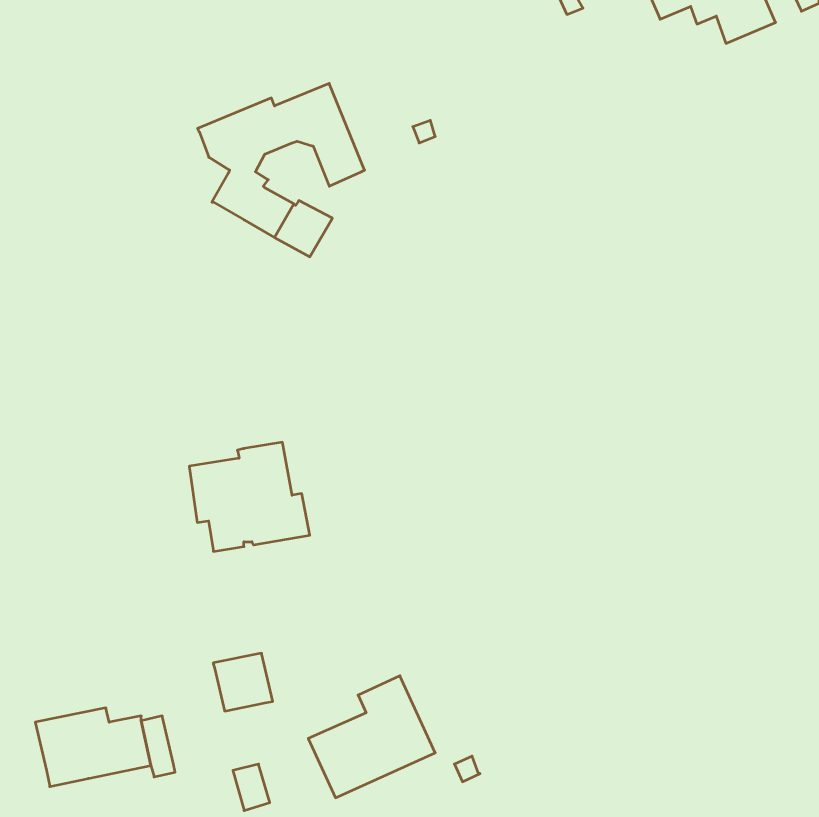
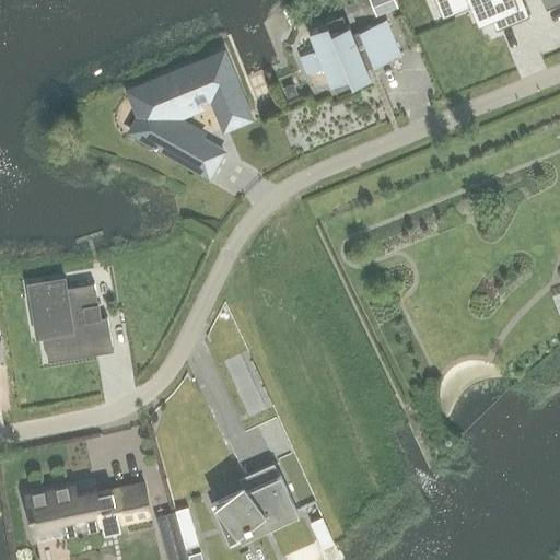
building: none -> [299,19,400,84]
building: [189,442,310,551] -> [30,280,112,354]
building: [213,653,273,711] -> [110,481,151,521]

